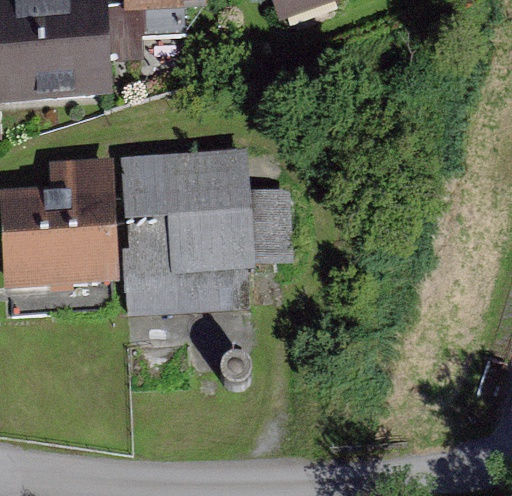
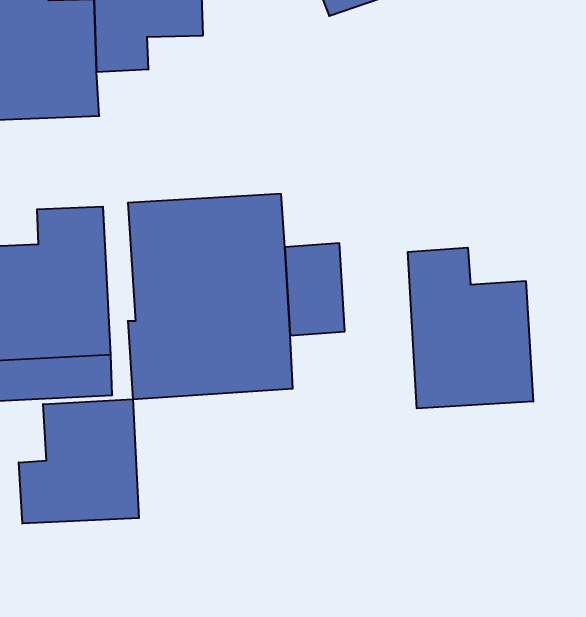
building: none -> [408,248,533,408]
building: none -> [19,399,139,524]

